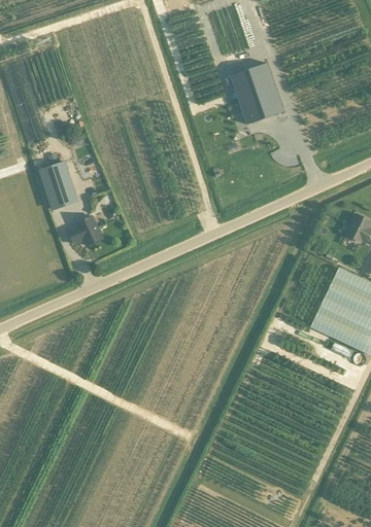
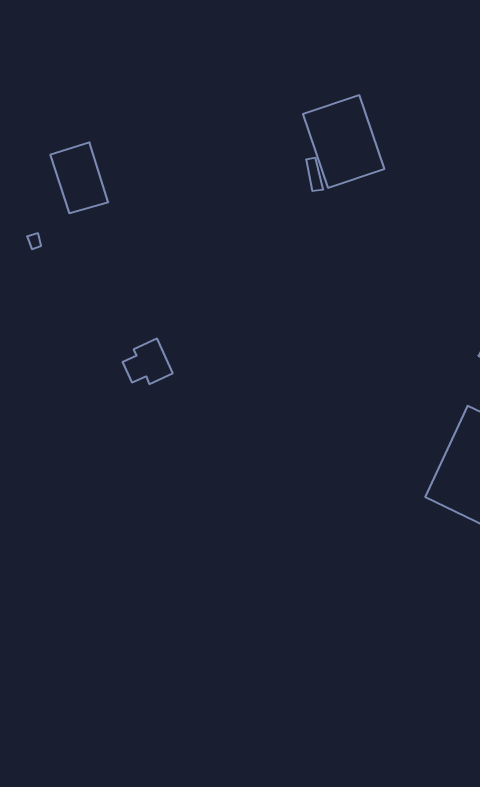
building: [39,162,77,208] -> [50,142,108,213]
building: [68,215,101,245] -> [123,339,173,384]

